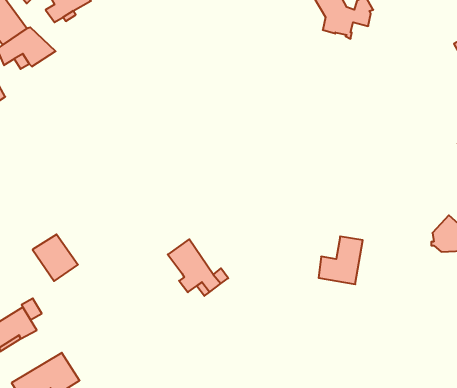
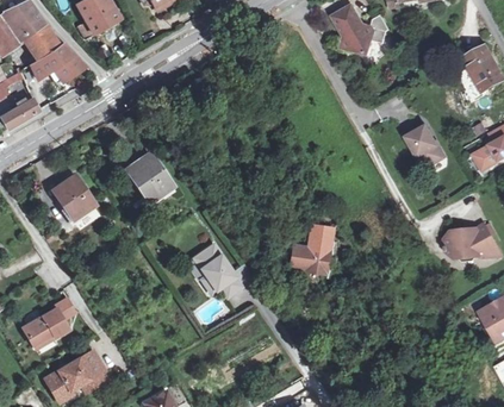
building: none -> [405,123,443,167]
building: none -> [126,154,172,202]
building: [33,234,78,281] -> [51,175,94,219]
building: [319,236,363,284] -> [290,225,331,270]

